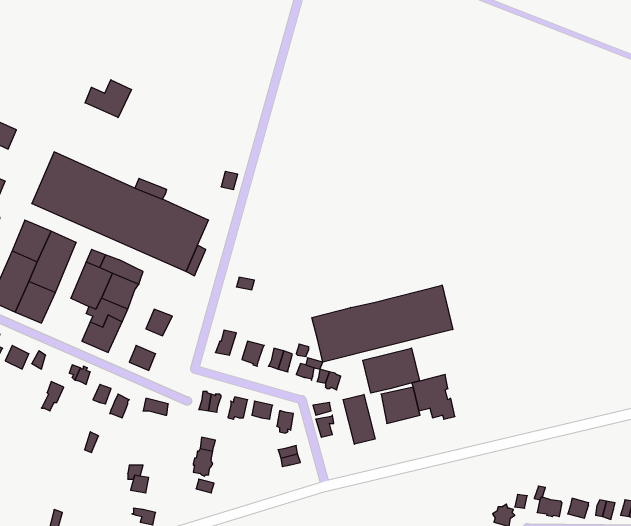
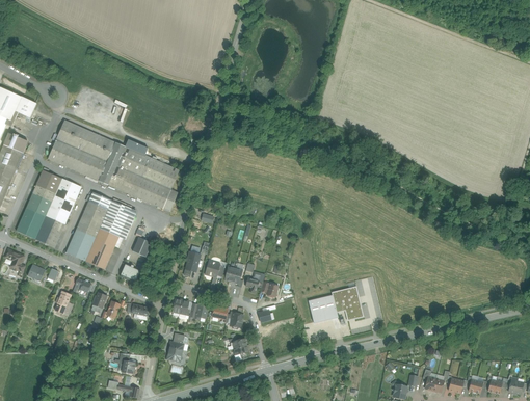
building: [85,80,131,118] -> none
building: [312,285,453,362] -> none
building: none -> [65,229,92,261]
building: [363,348,420,393] -> none
building: [343,394,375,444] -> none

